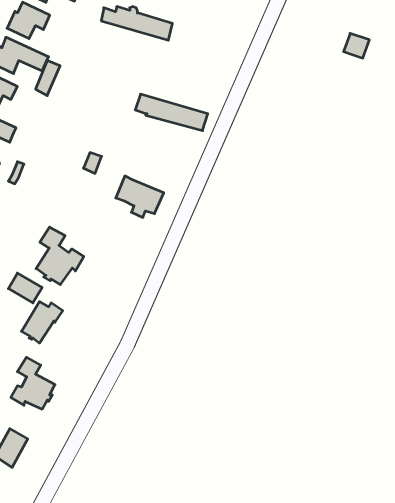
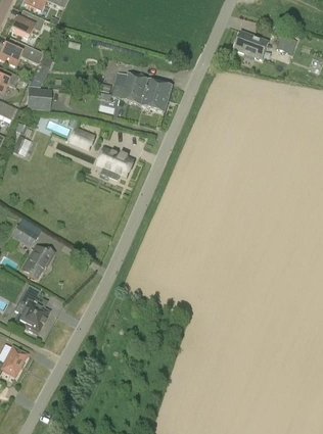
building: [101,7,172,40] -> [116,70,172,97]
building: none -> [234,30,269,59]
building: none -> [27,87,51,109]
building: [36,227,84,285] -> none

